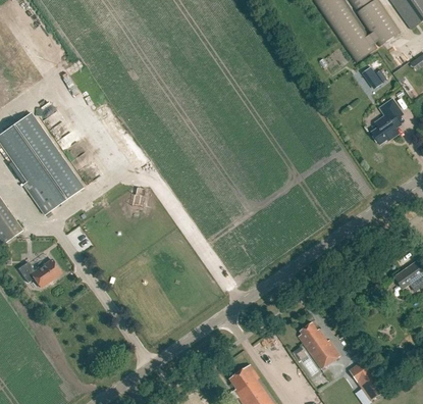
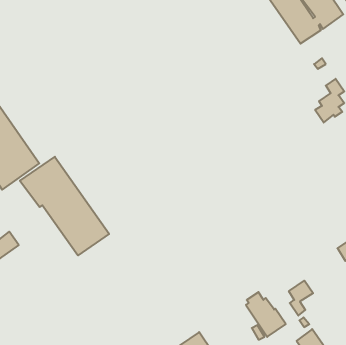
building: none -> [20,157,109,255]
building: none -> [289,281,313,316]

